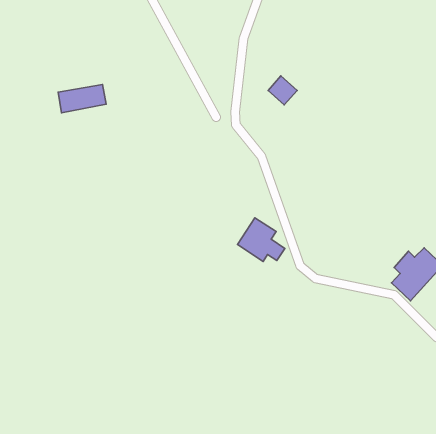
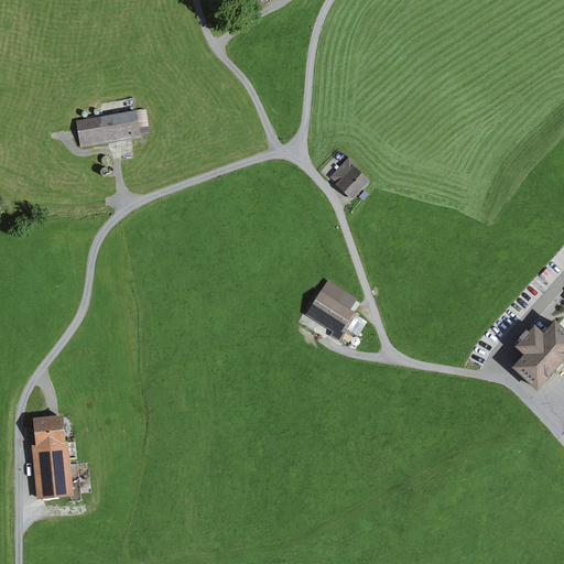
building: [268,76,297,105] -> [330,161,368,198]
building: none -> [34,414,72,497]

